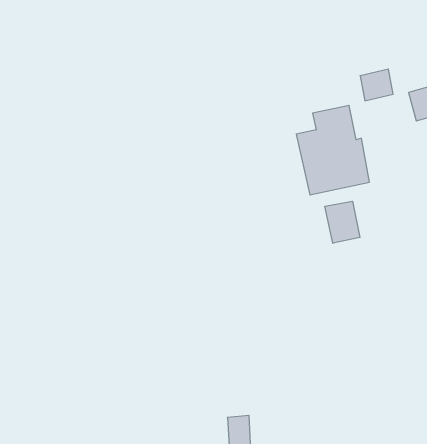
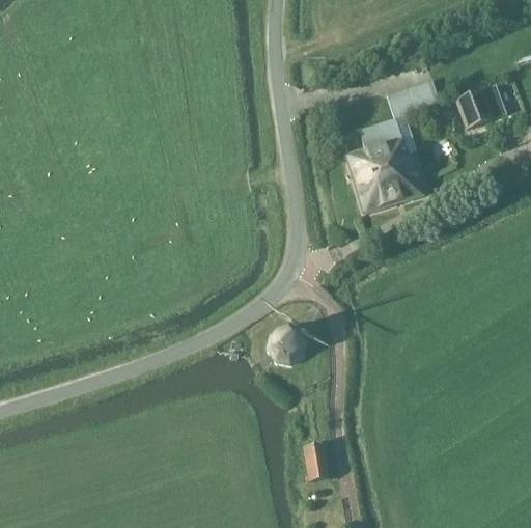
building: [325,201,360,243] -> none
building: none -> [271,328,303,363]

